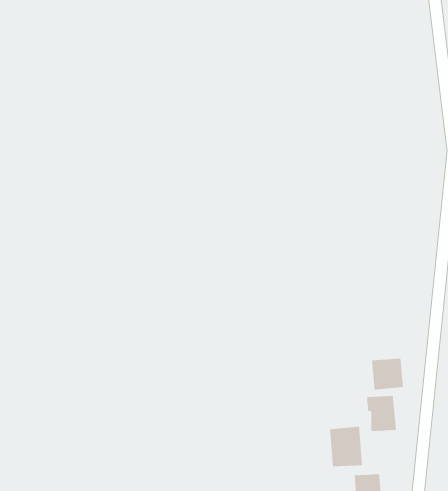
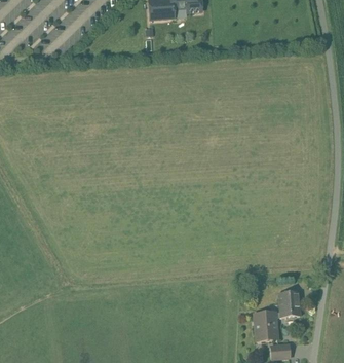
building: [371,358,404,391] -> none

